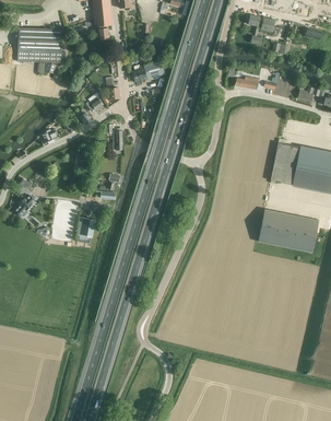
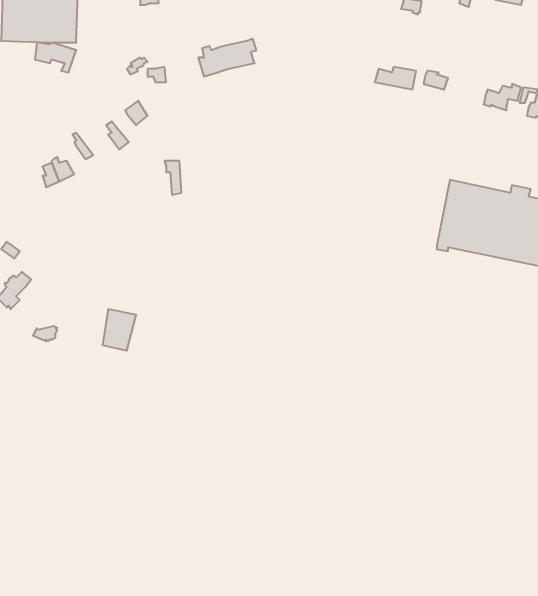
building: [258,209,319,253] -> none

